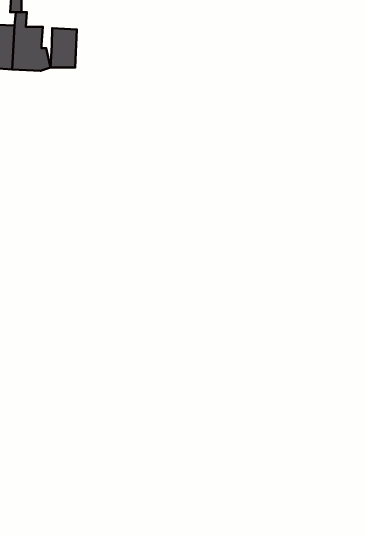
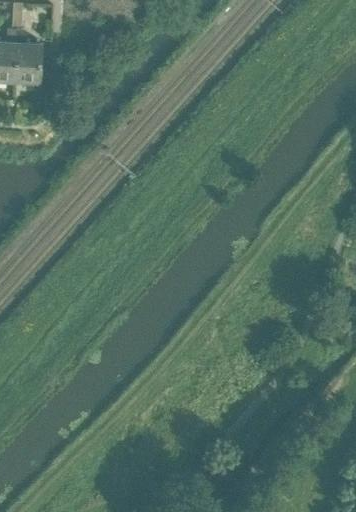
building: [51,28,77,68] -> none

